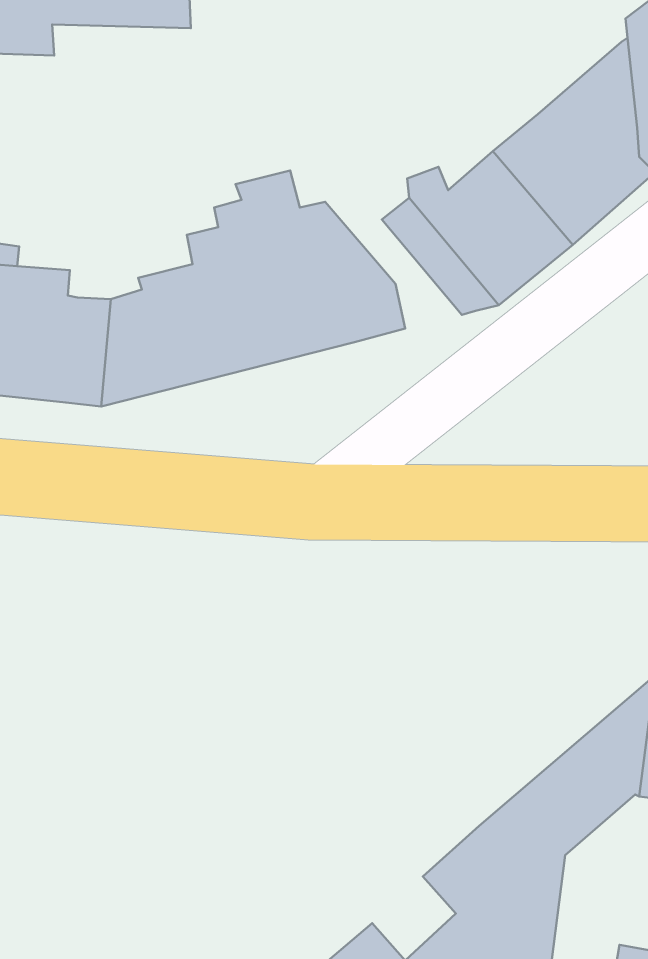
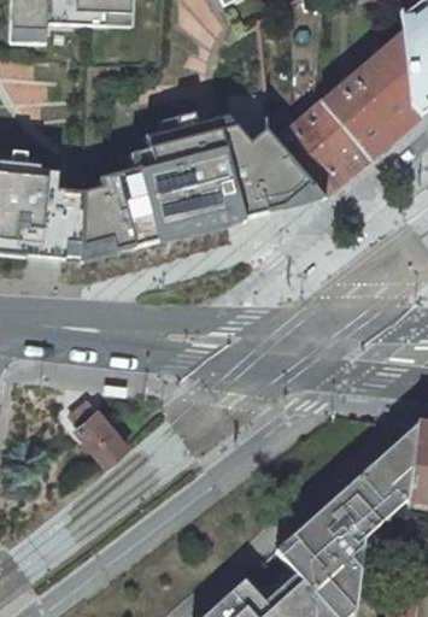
building: none -> [215,127,299,211]
building: none -> [70,398,128,459]

